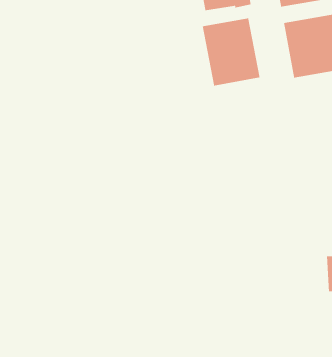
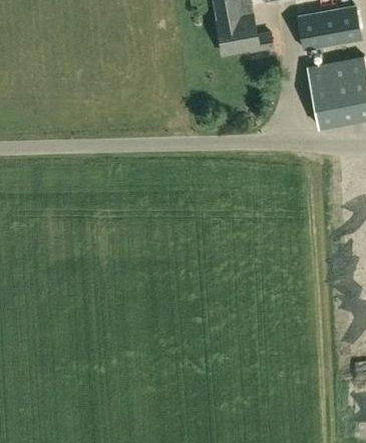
building: [202,17,260,86] -> none

